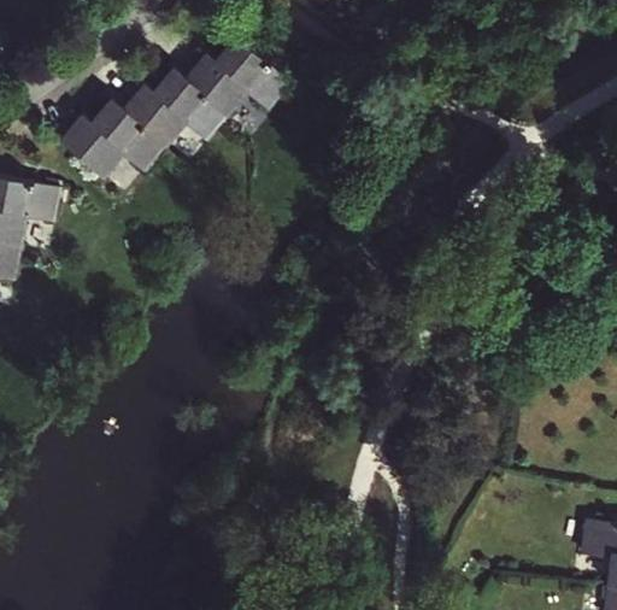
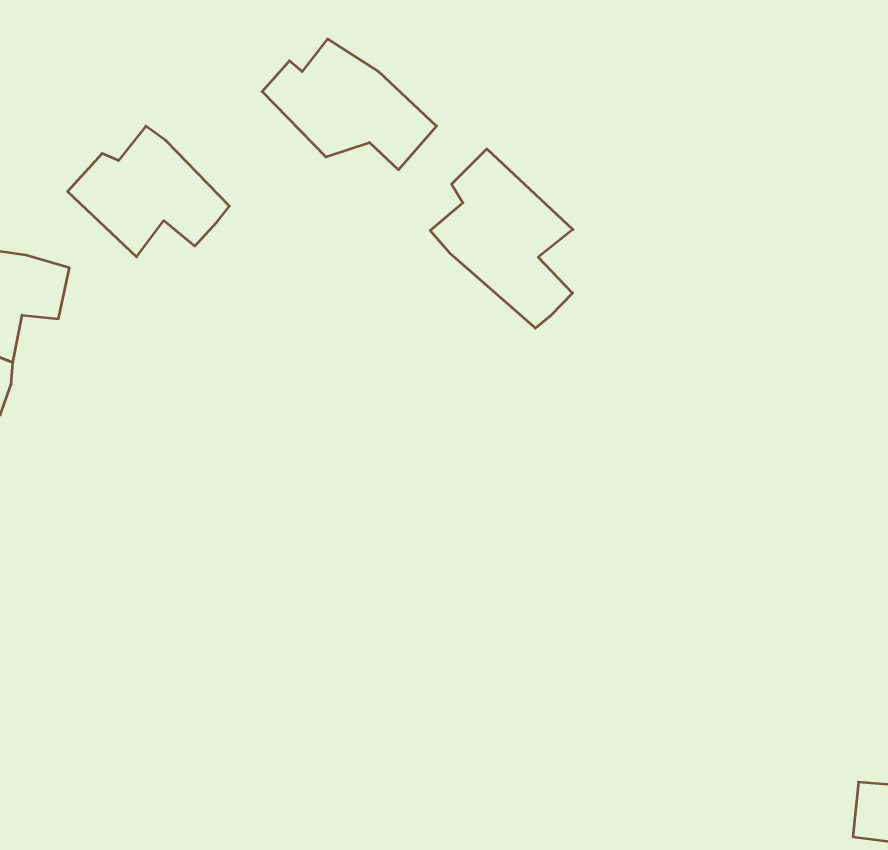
building: [124,64,230,147] -> none
building: none -> [430,149,573,328]

